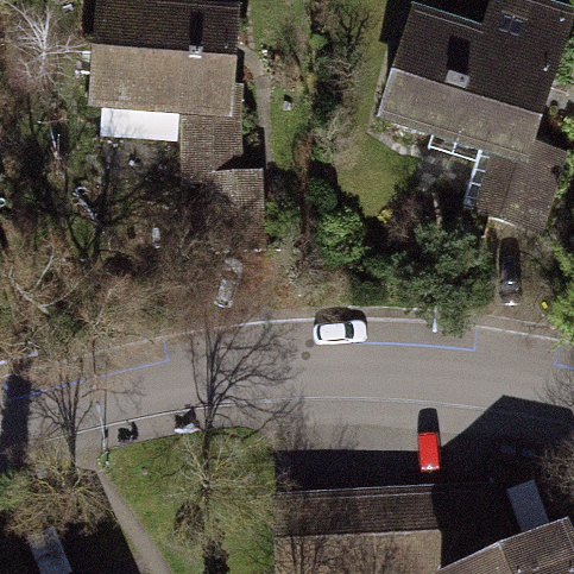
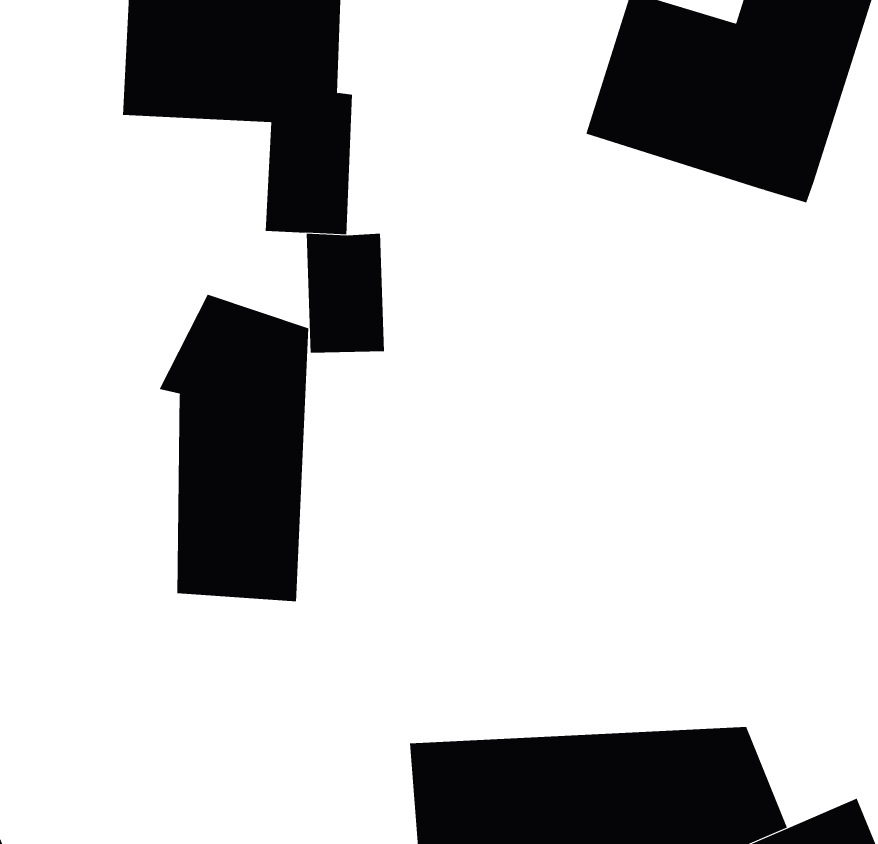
building: [477,144,559,229] -> none
building: none -> [159,294,309,602]

